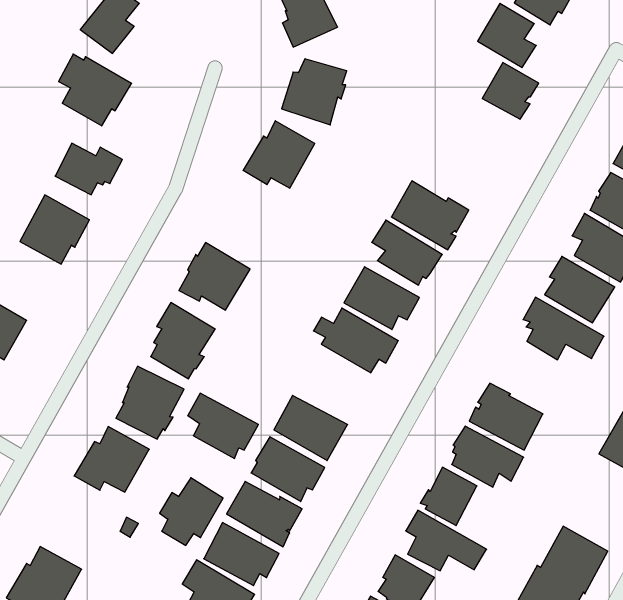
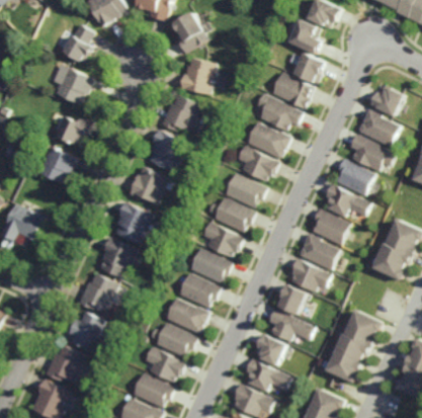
building: none -> [269,70,312,107]
building: none -> [254,91,301,131]
building: none -> [148,129,182,171]
building: none -> [312,207,351,244]
building: [188,393,258,458] -> [200,222,241,257]
building: [160,478,223,545] -> [68,311,103,349]

